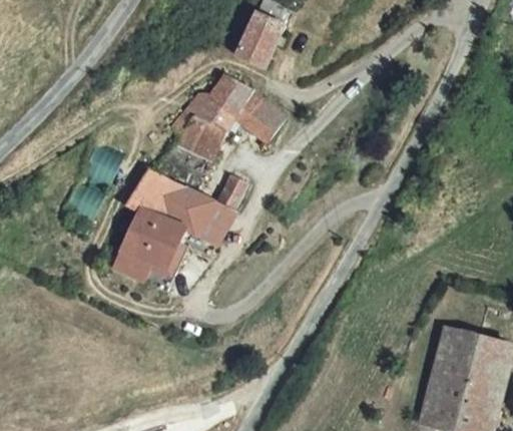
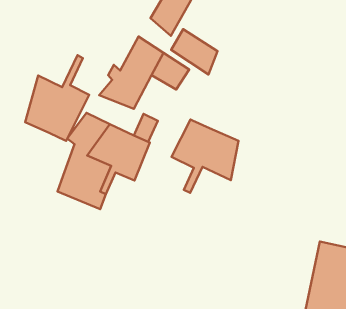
building: none -> [171,29,217,74]
building: none -> [25,55,89,141]
building: none -> [171,120,239,193]

